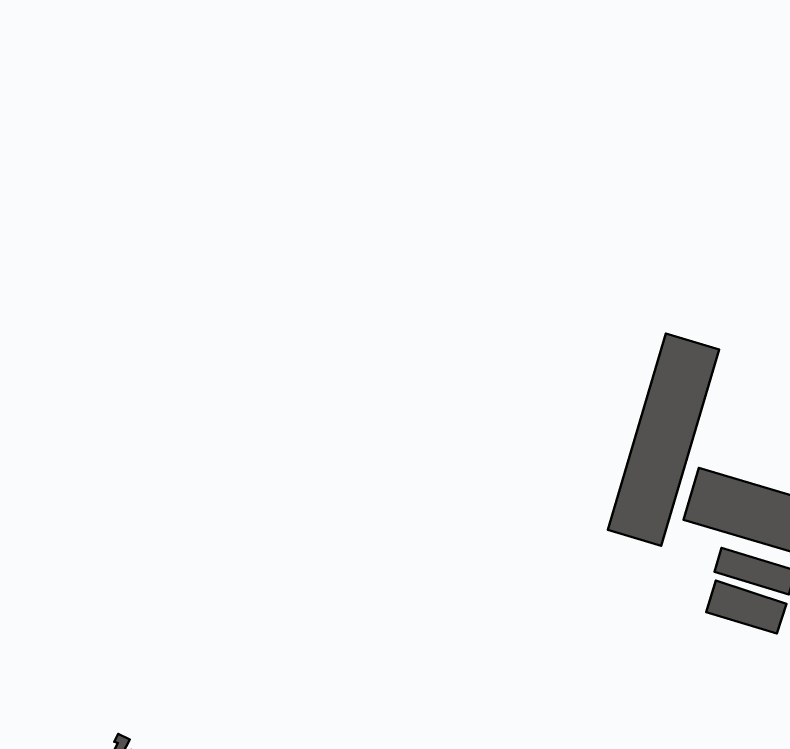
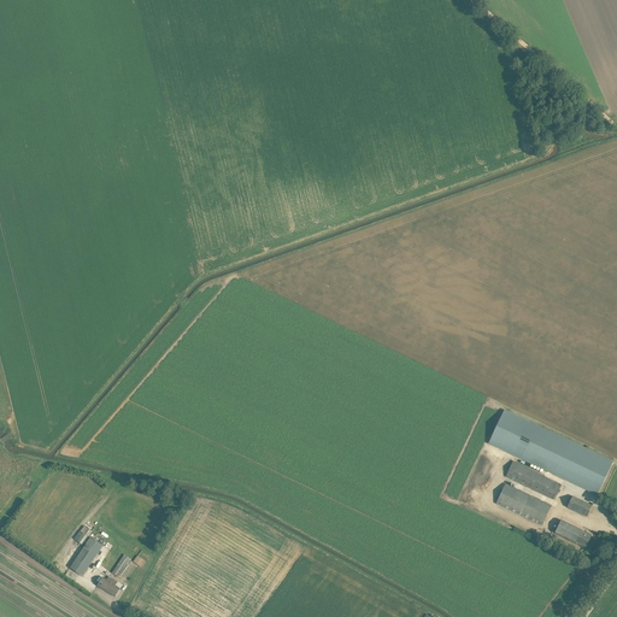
building: [608,333,719,546] -> none

